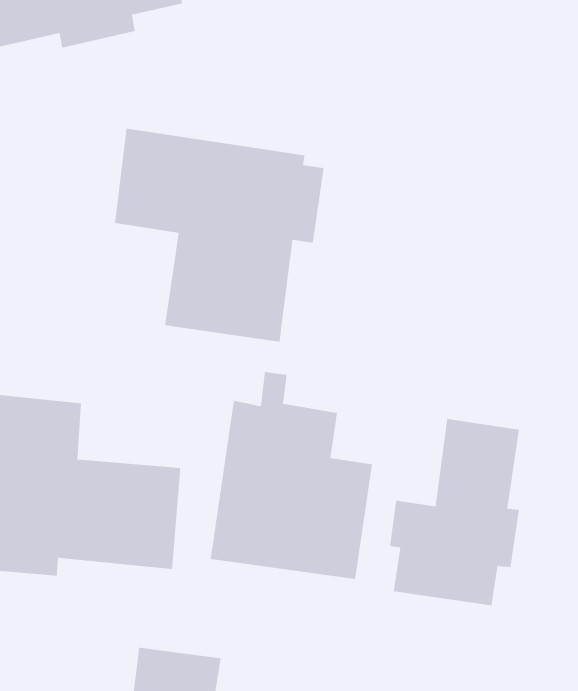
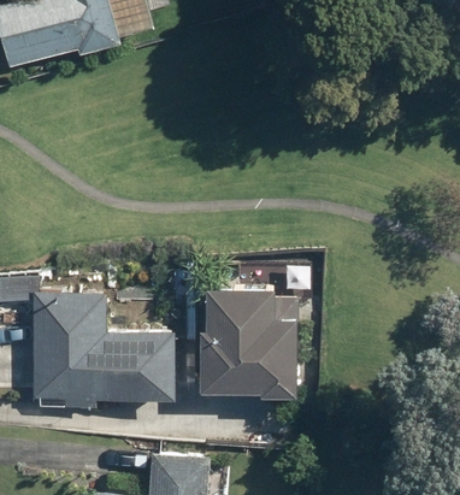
building: [114,128,324,342] -> none
building: [390,418,520,606] -> none

